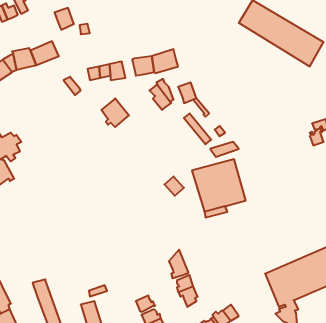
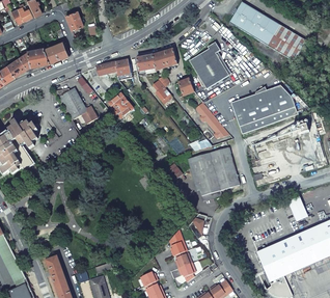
building: none -> [189,43,228,89]
building: none -> [230,86,297,134]
building: none -> [59,87,97,124]

